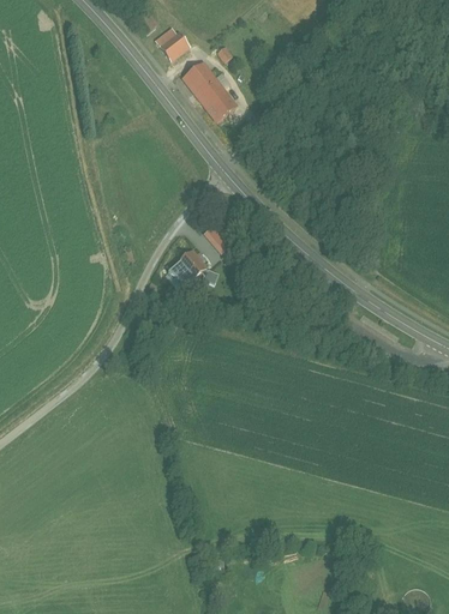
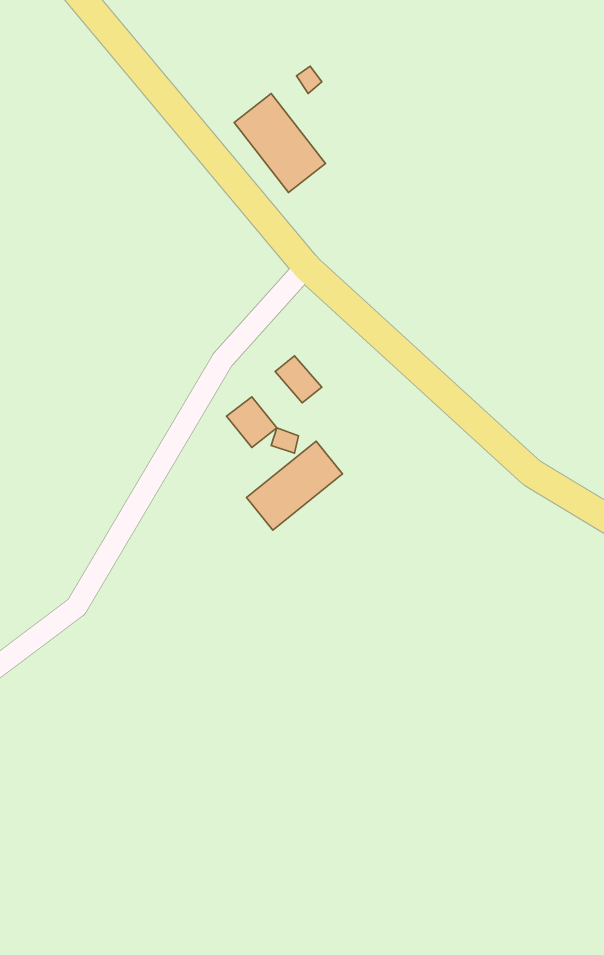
building: [154,25,190,61] -> none
building: none -> [247,441,342,530]

